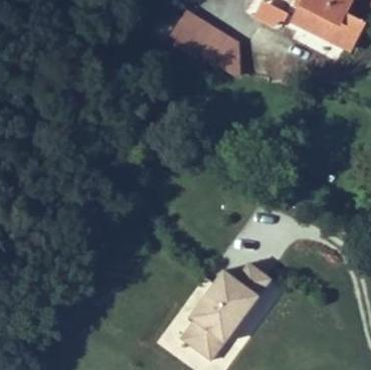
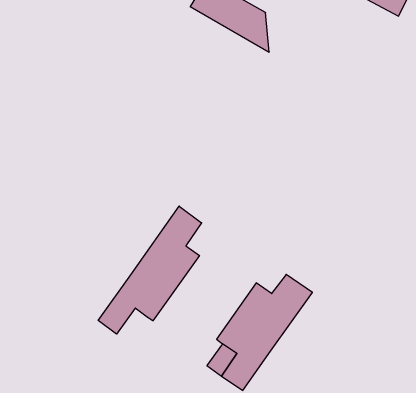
building: none -> [98,206,202,334]

